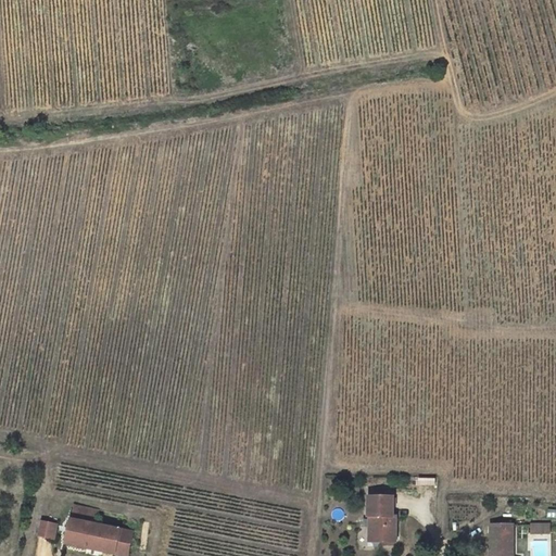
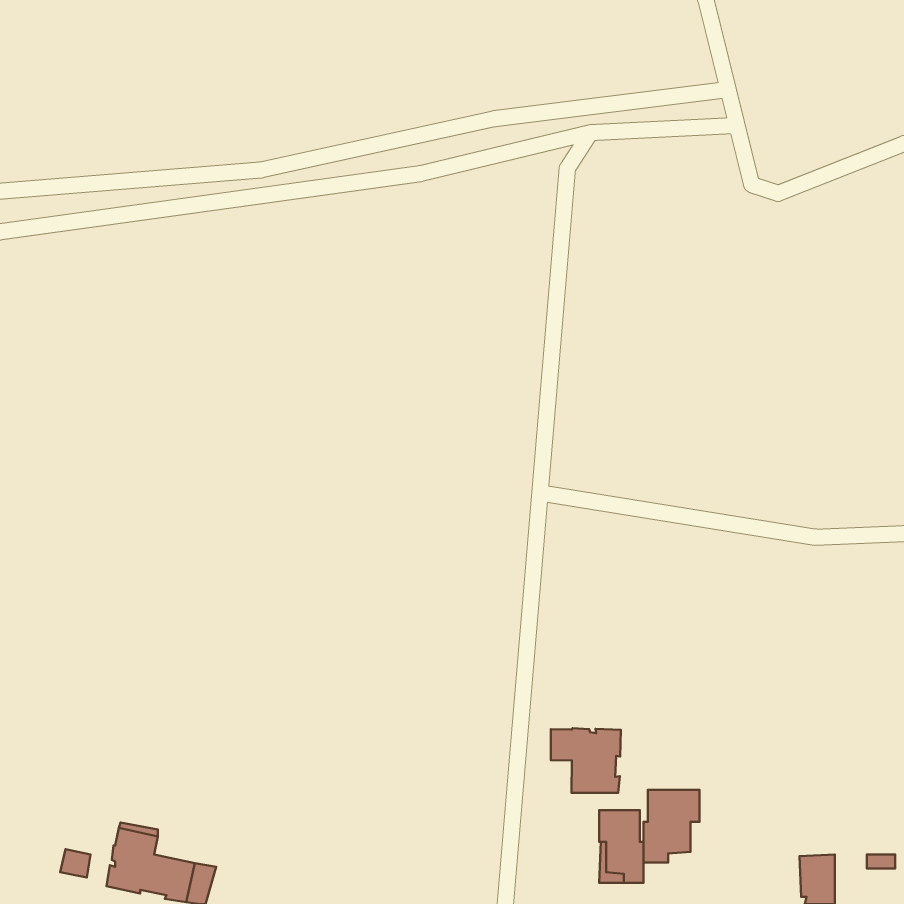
building: none -> [551,728,621,793]
building: none -> [643,790,699,862]

